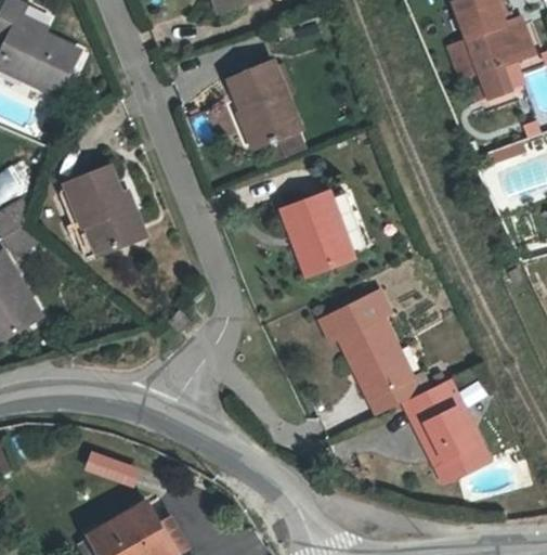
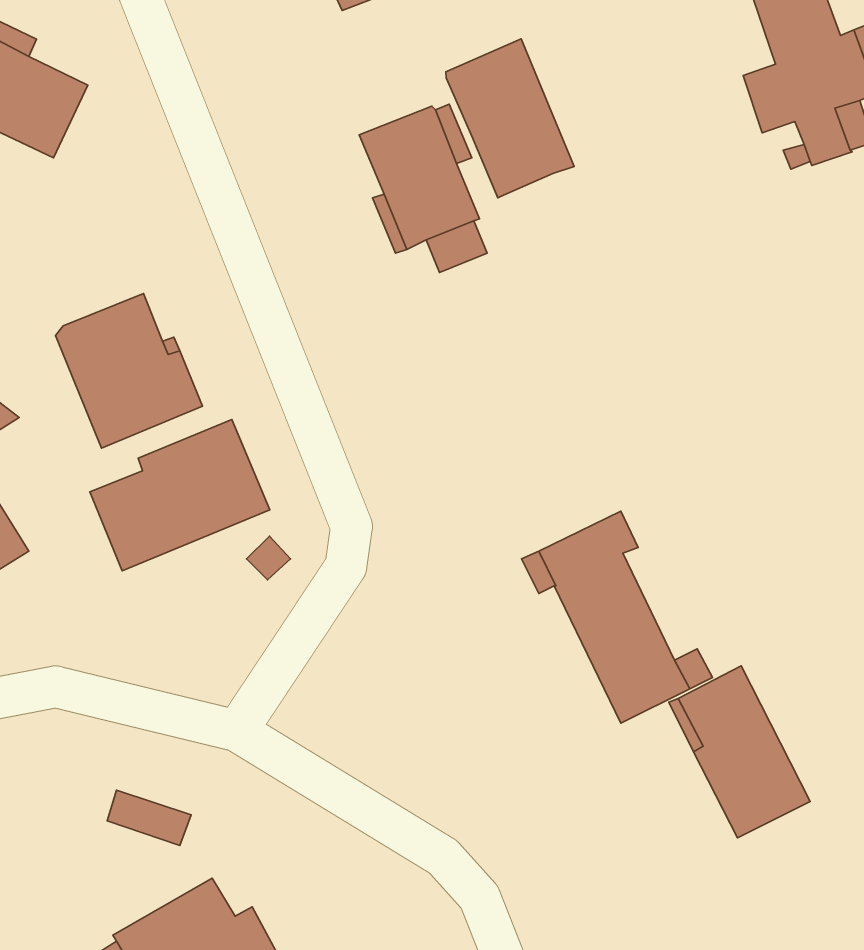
building: none -> [446,39,574,198]
building: [284,193,350,272] -> none
building: none -> [90,420,270,571]

